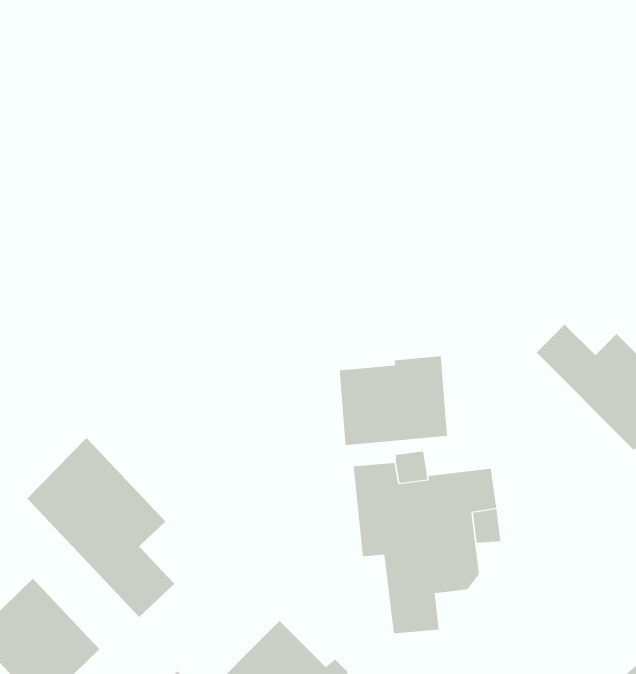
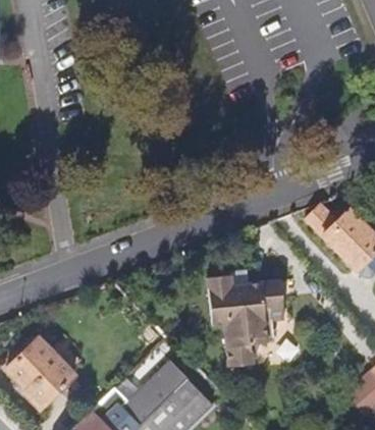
building: [339,355,447,446] -> none
building: [26,437,175,618] -> none

